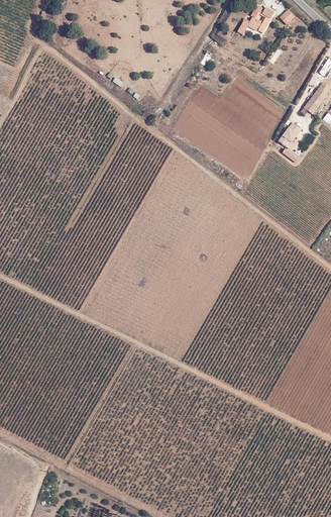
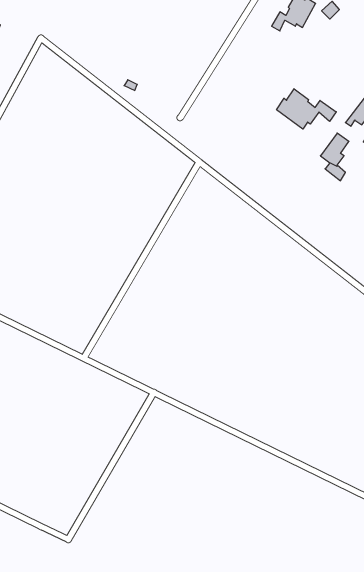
building: none -> [277,89,336,129]

